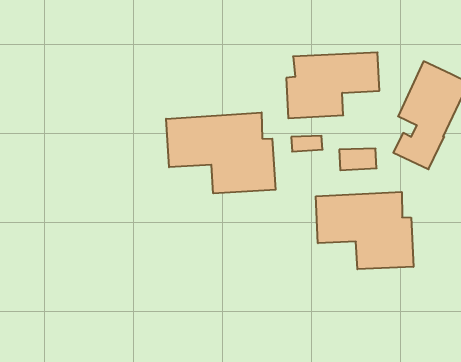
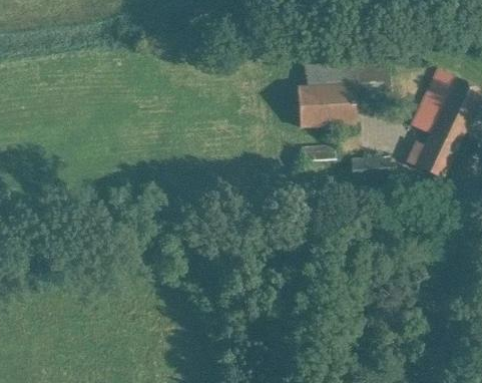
building: [166,112,276,193] -> none
building: [316,192,413,269] -> none

